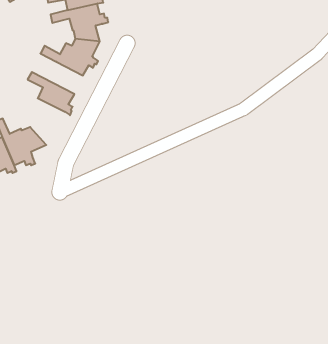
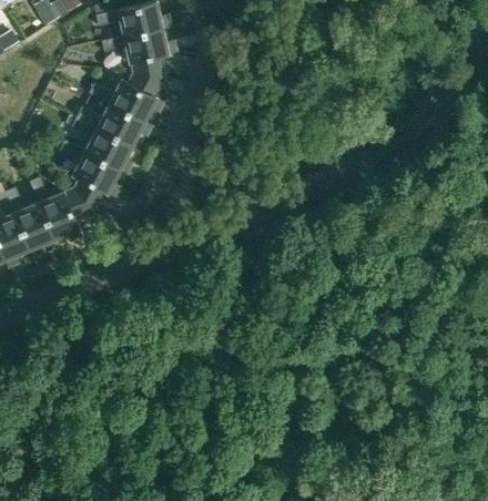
building: none -> [77,103,151,145]
building: none -> [59,140,120,212]

